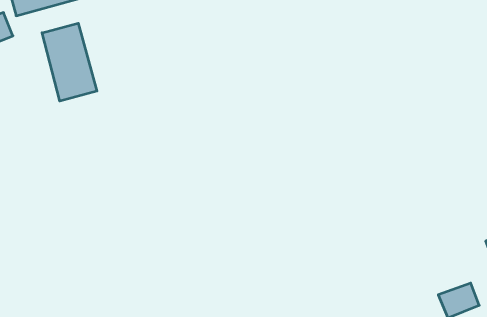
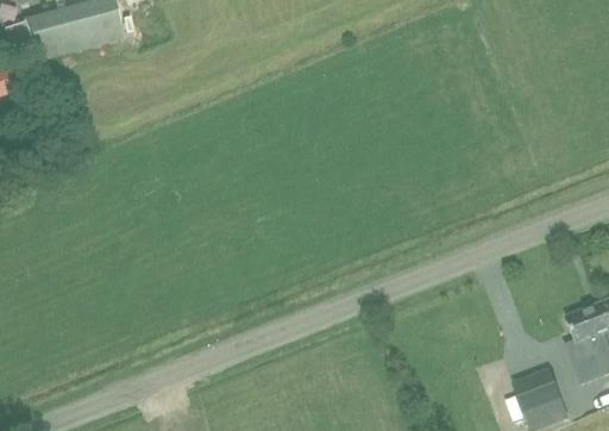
building: [42,23,97,101] -> none

